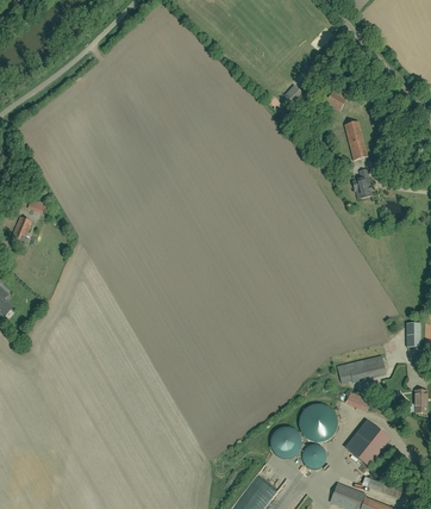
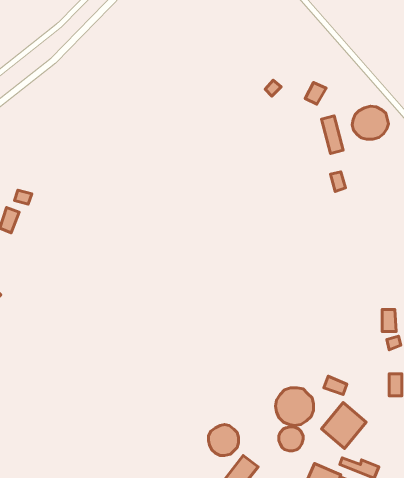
building: none -> [352,106,389,139]
building: [338,355,386,383] -> none
building: [269,427,300,459] -> [209,424,238,455]

